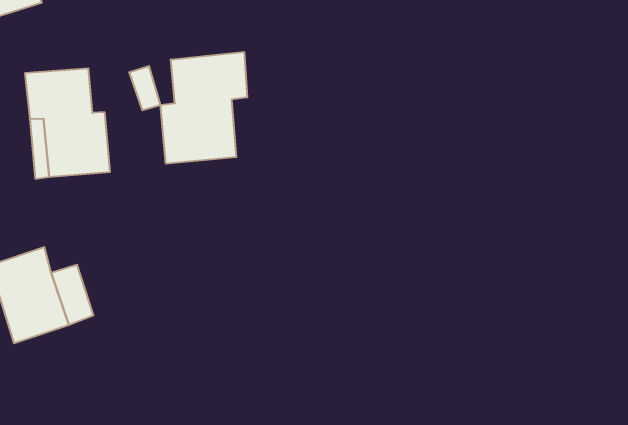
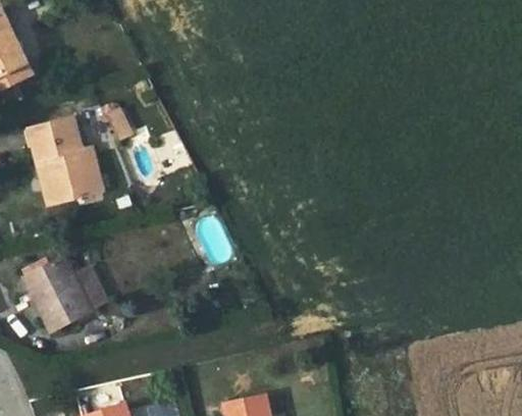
building: [161,52,247,164] -> none

